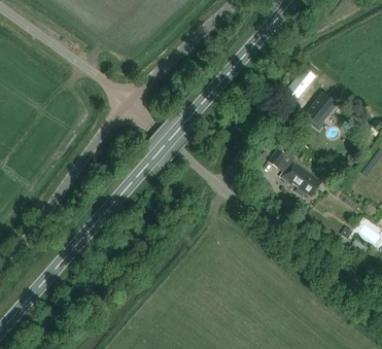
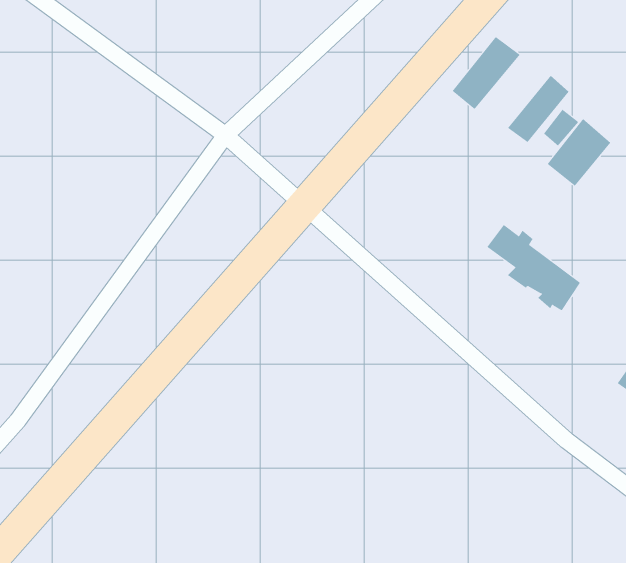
building: none -> [452,36,521,110]

